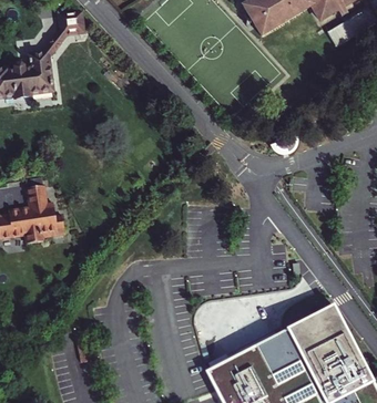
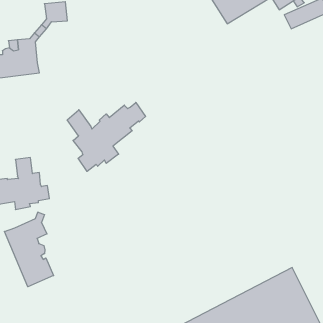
building: none -> [67,102,146,171]
building: none -> [4,212,54,287]

